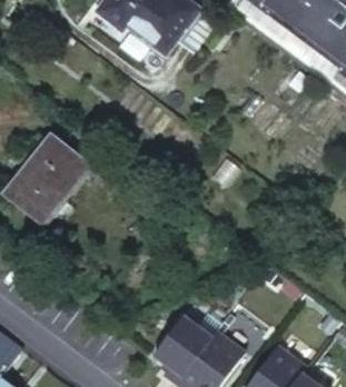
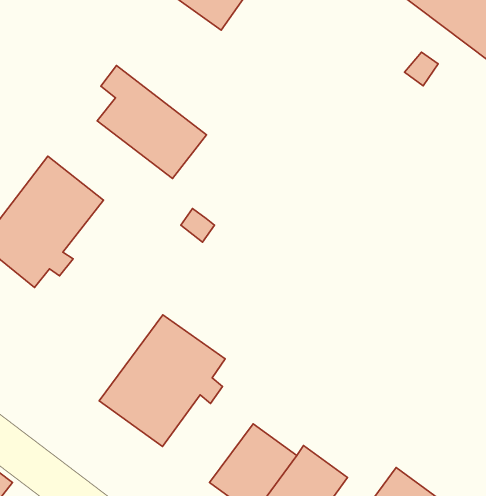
building: none -> [97,66,206,179]
building: none -> [99,315,225,446]

